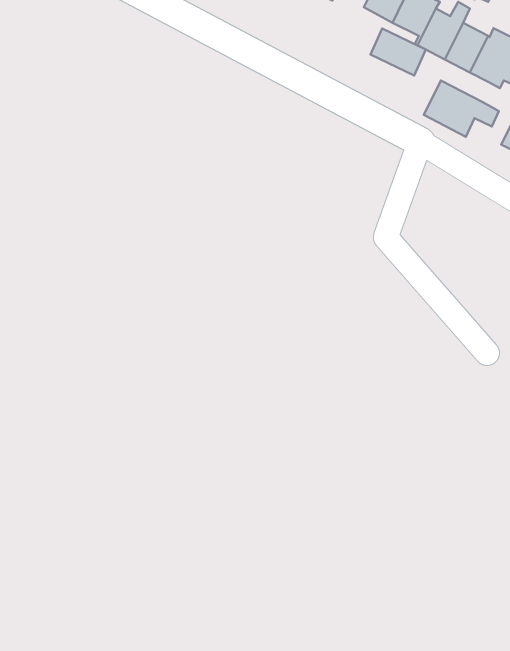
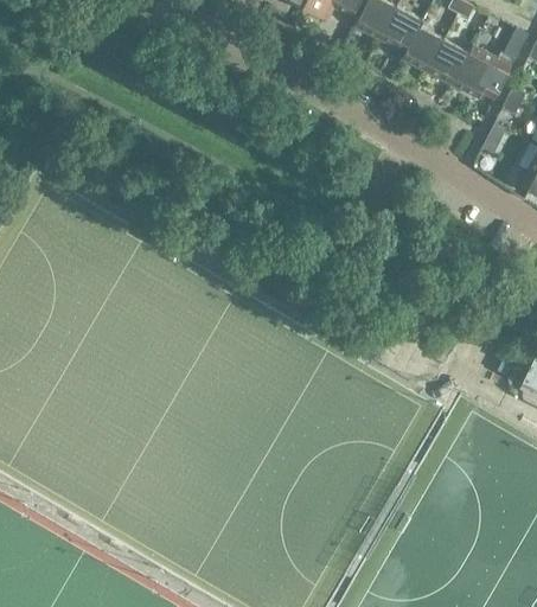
building: [370,29,426,76] -> none
building: [424,80,499,137] -> none

